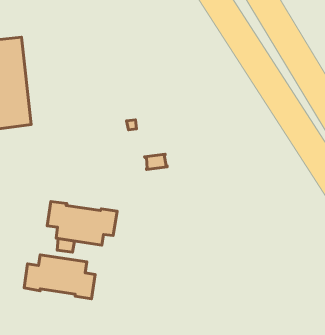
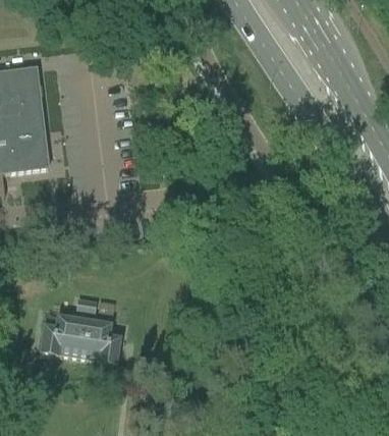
building: [47,201,117,245] -> none

